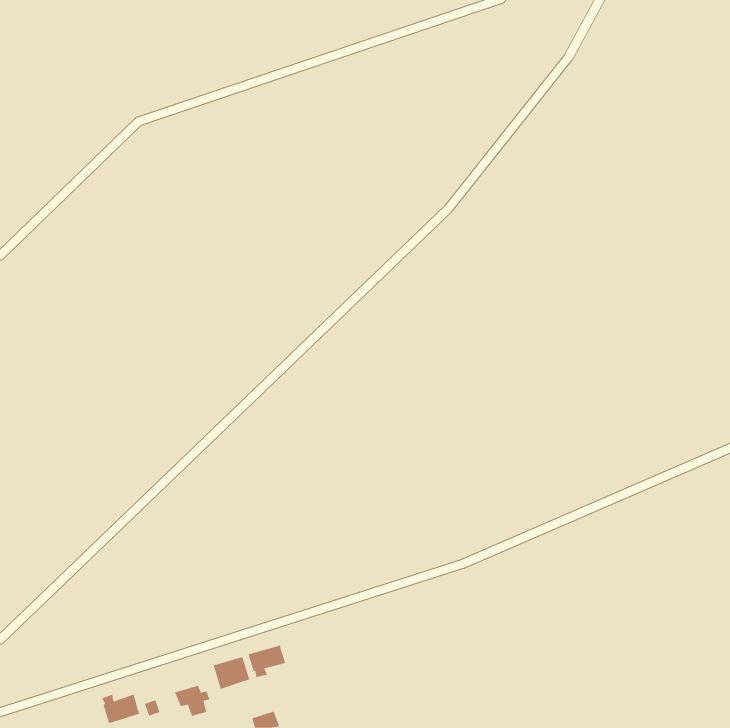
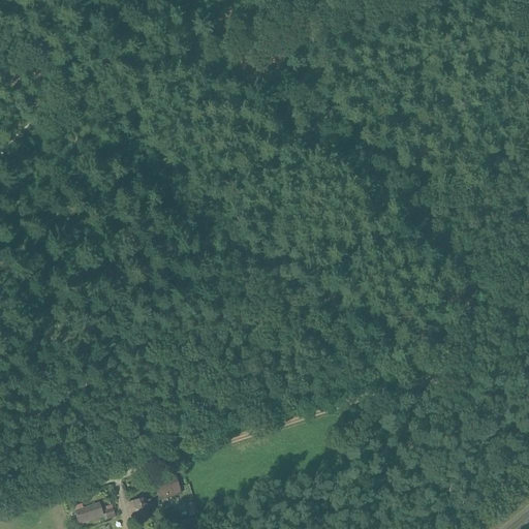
building: [248,645,286,678] -> none

